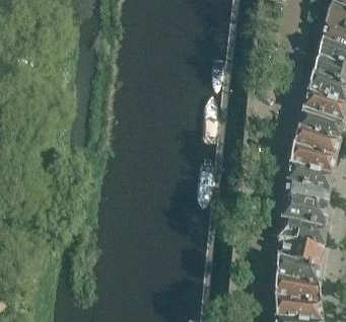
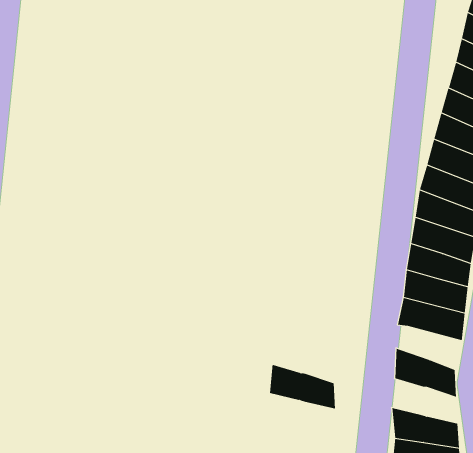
building: [281,231,325,261] -> none
building: [275,267,322,299] -> [269,364,336,409]

